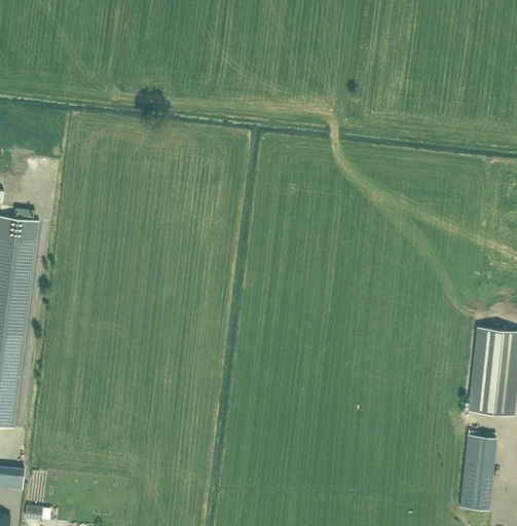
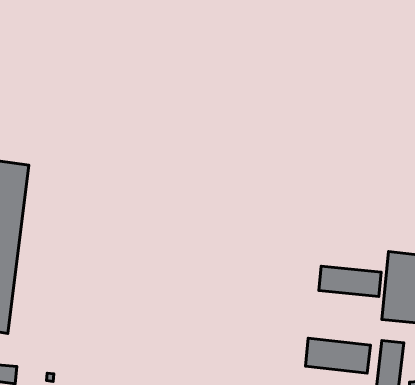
building: none -> [319,266,381,297]
building: none -> [306,338,370,373]

